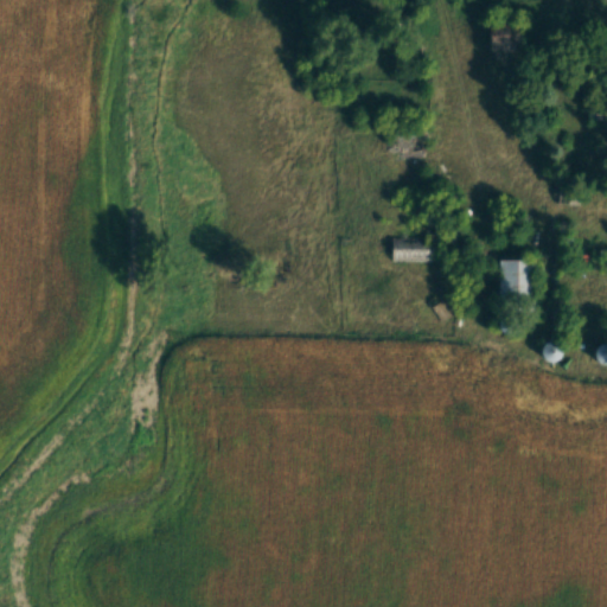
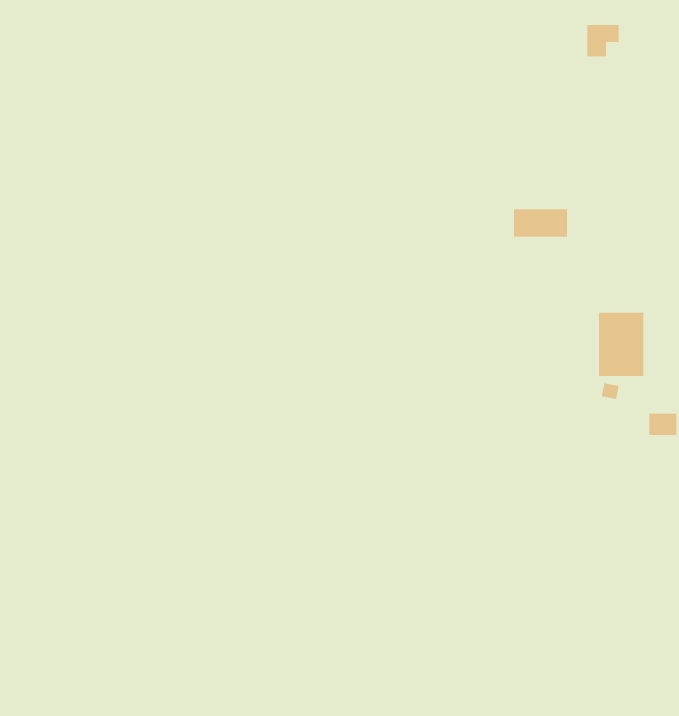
building: [391,238,436,262] -> [513,209,568,237]

